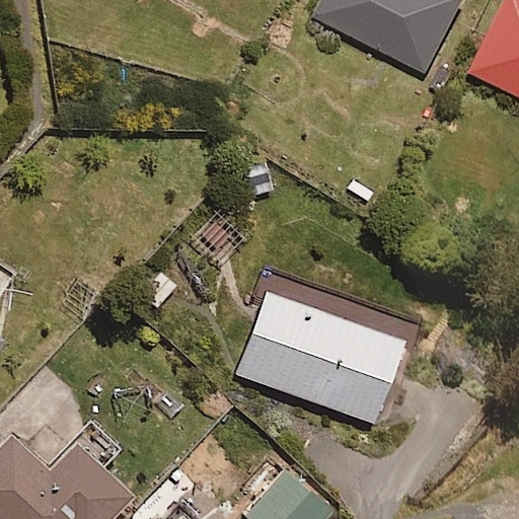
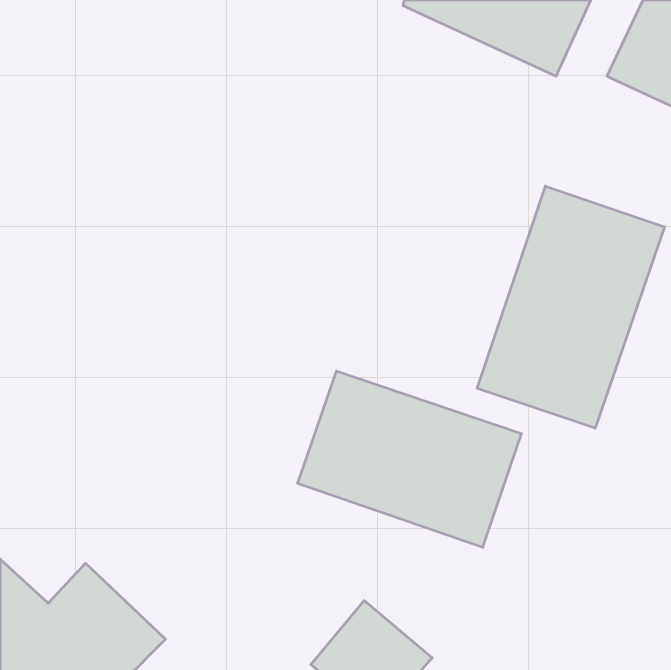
building: none -> [477,186,664,428]

